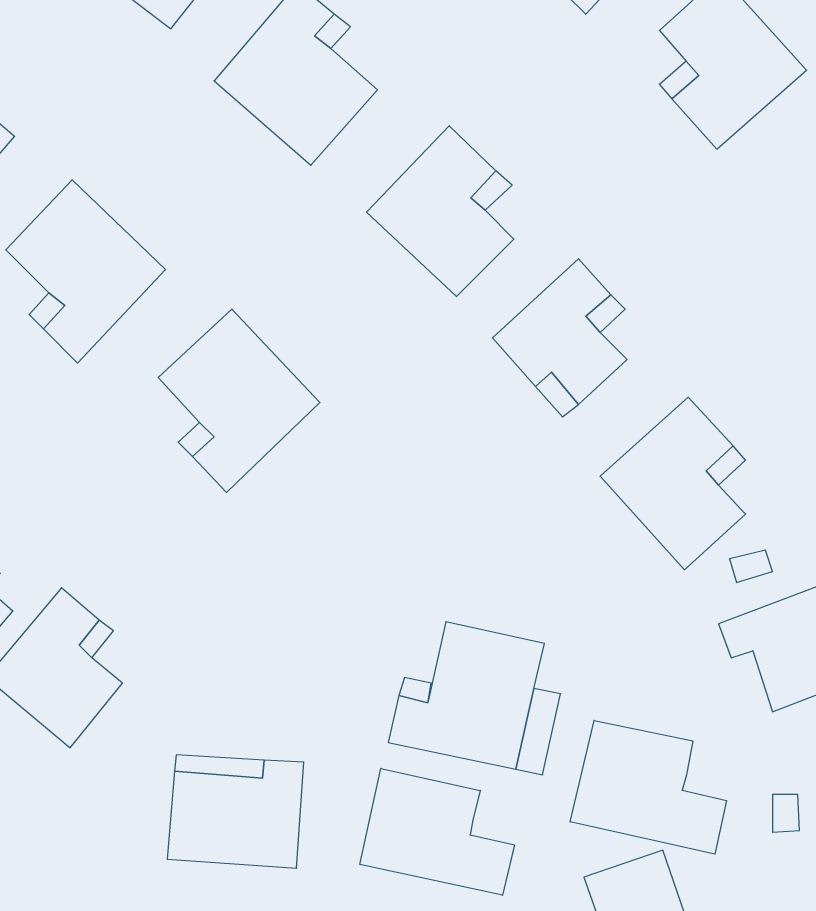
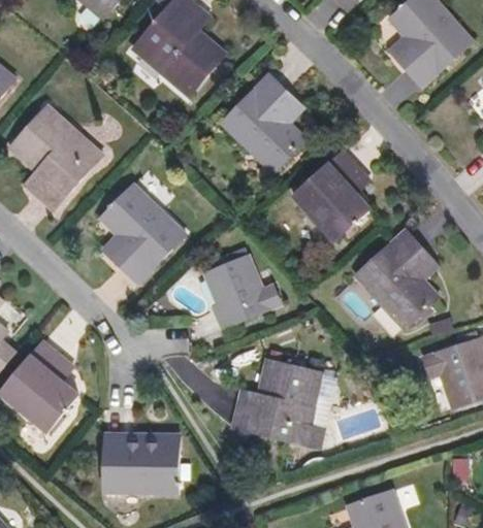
building: none -> [203,252,281,325]
building: [570,720,727,854] -> none
building: [360,768,514,895] -> none

